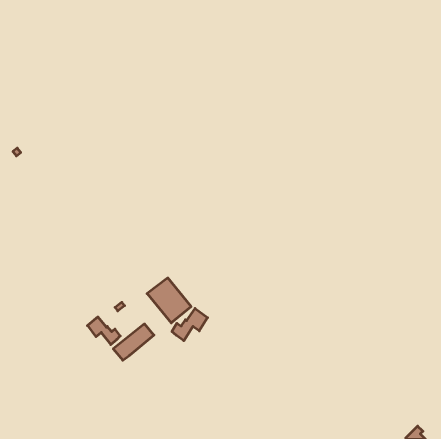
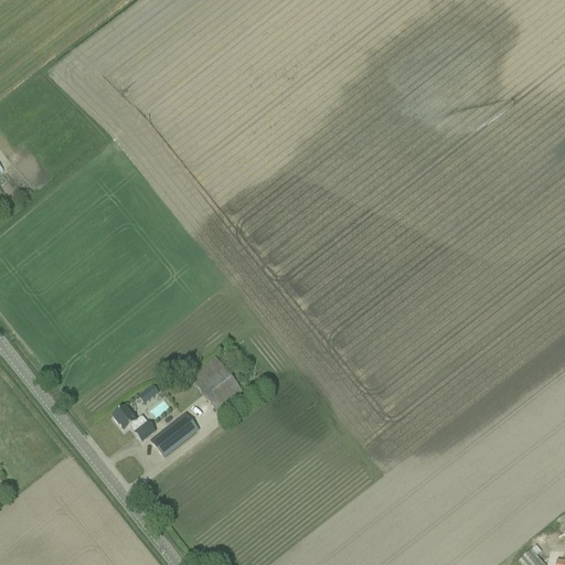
building: [172,308,208,341] -> none

